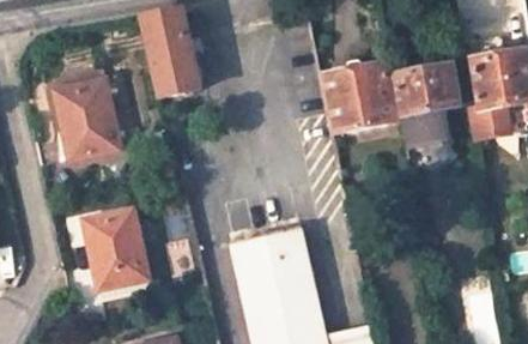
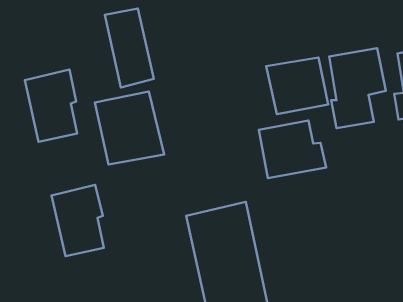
building: none -> [95,91,164,165]
building: none -> [259,120,326,178]

